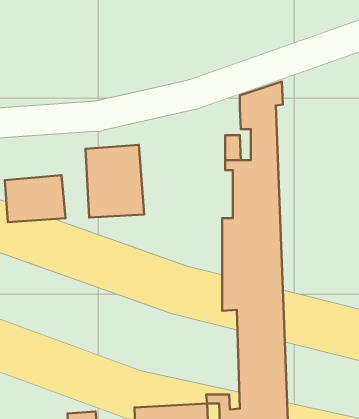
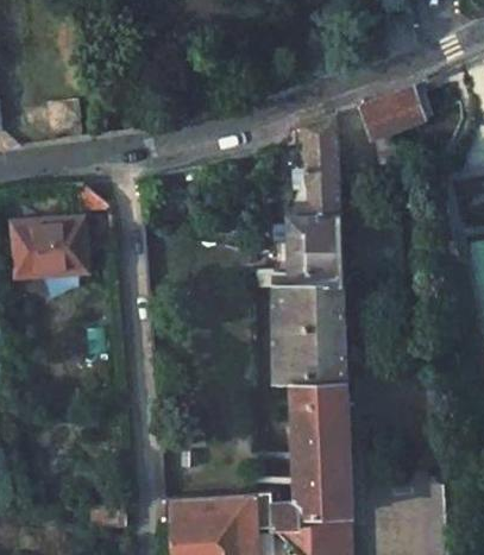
building: none -> [356,87,426,143]
building: [85,145,144,217] -> none

